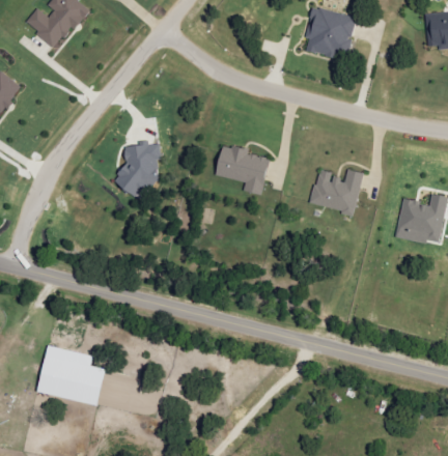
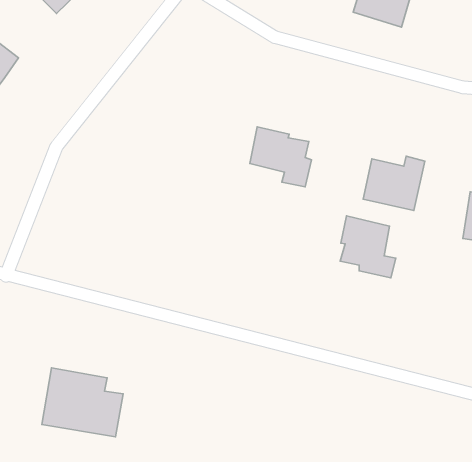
building: [119,144,157,194] -> none
building: none -> [340,216,396,278]

